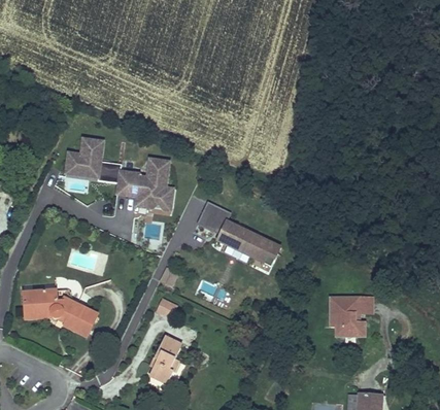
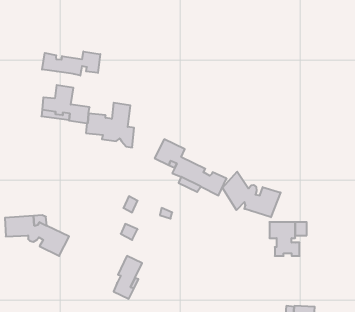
building: none -> [42,51,100,76]
building: none -> [223,172,281,217]

